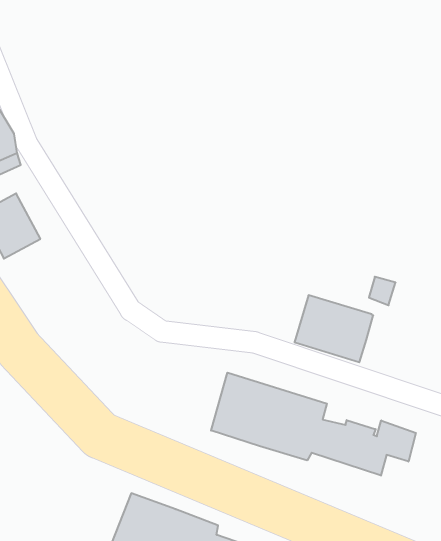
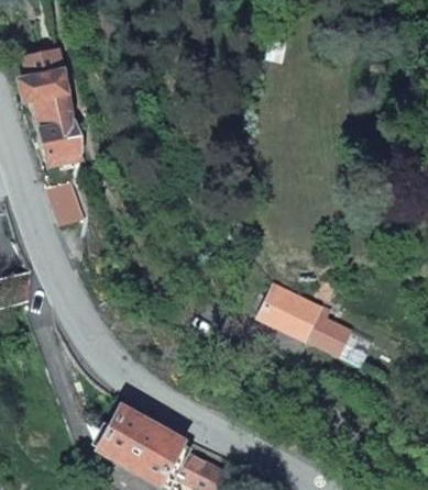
building: none -> [305,303,347,355]
building: [211,373,416,476] -> none

